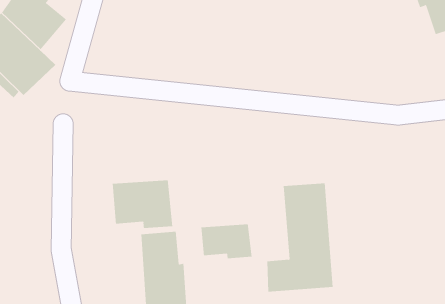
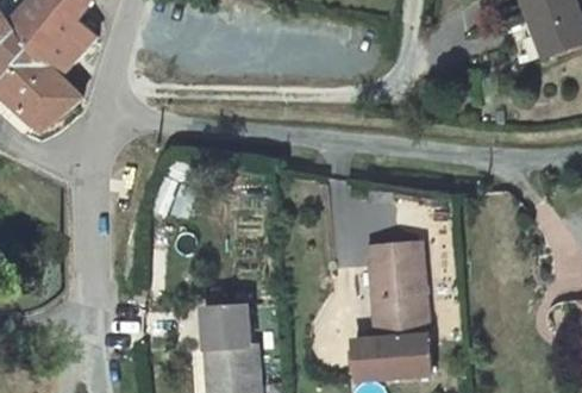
building: [112,180,173,229] -> none
building: [201,223,252,259] -> none

